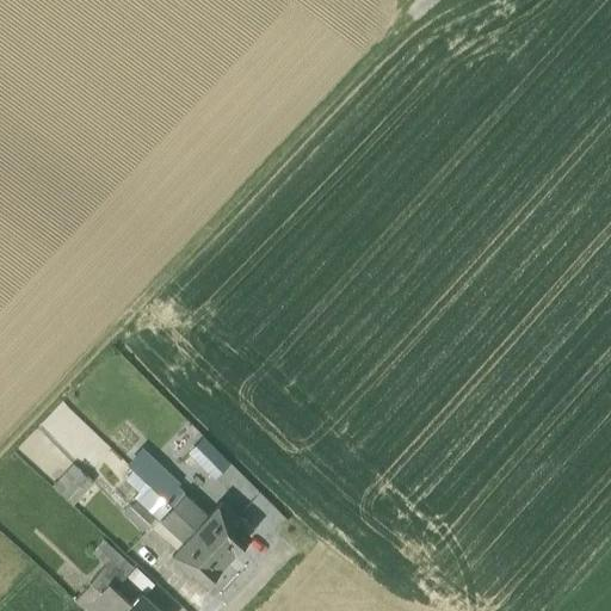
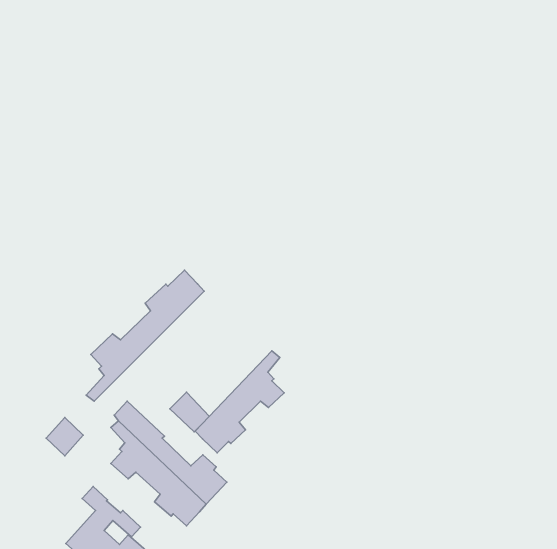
building: none -> [86,270,204,401]
building: none -> [195,351,284,453]

